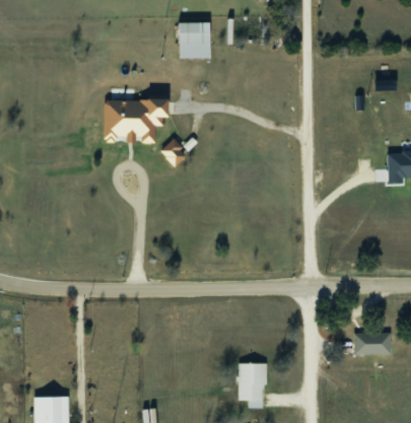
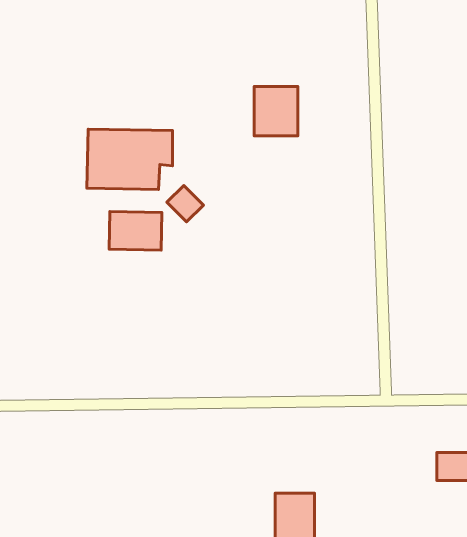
building: [177,22,208,58] -> [254,87,298,136]
building: none -> [109,212,162,250]

